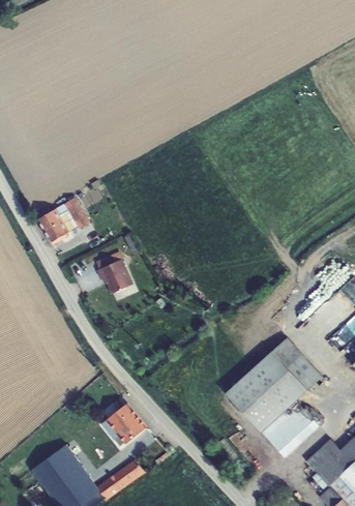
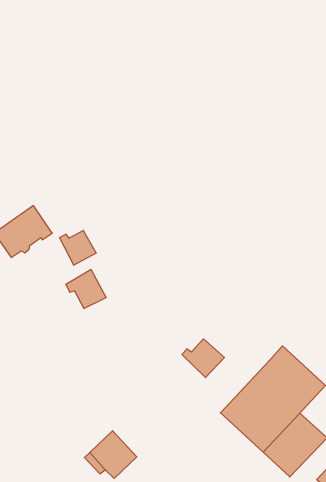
building: none -> [60,230,96,265]
building: none -> [182,339,224,378]

